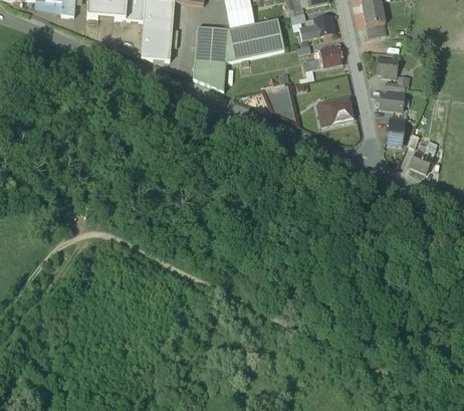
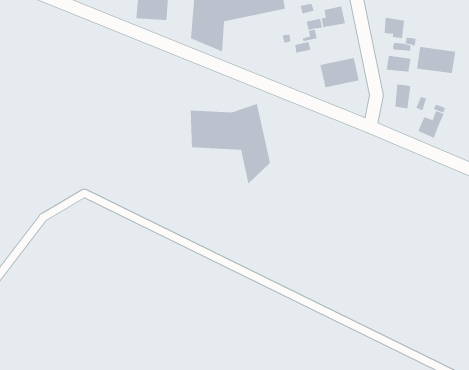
building: [262,83,289,107] -> none
building: none -> [416,46,456,74]
building: none -> [190,103,270,185]

